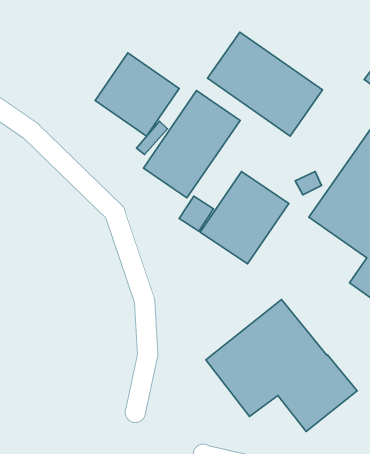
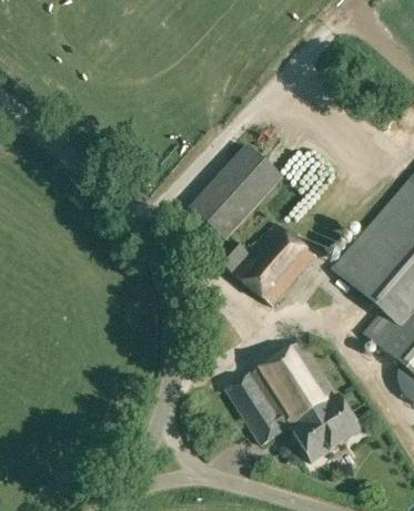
building: [207,32,322,136] -> none
building: [95,53,179,136] -> none

